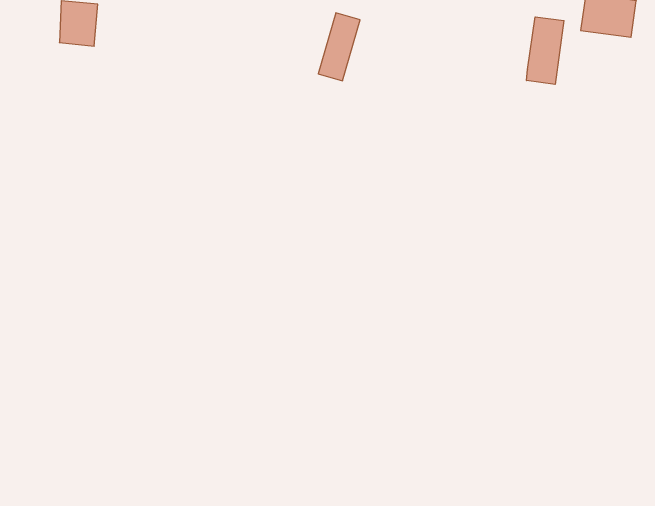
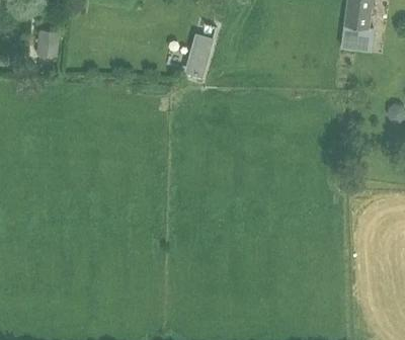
building: [527,17,564,84] -> none

